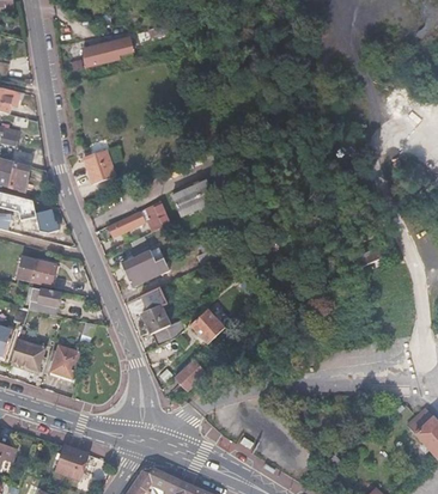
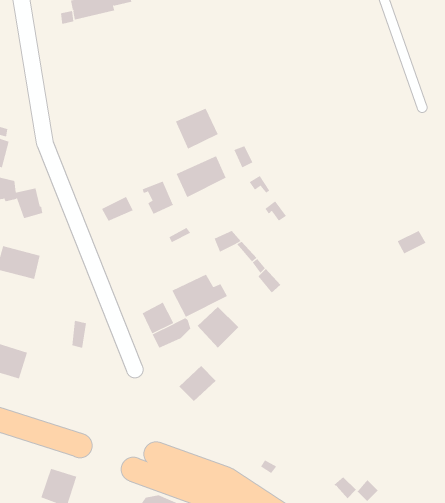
building: none -> [175,108,218,149]
building: [81,148,114,182] -> none
building: [120,249,168,286] -> [171,274,228,317]
building: [28,288,61,315] -> none
building: [49,344,80,379] -> none

